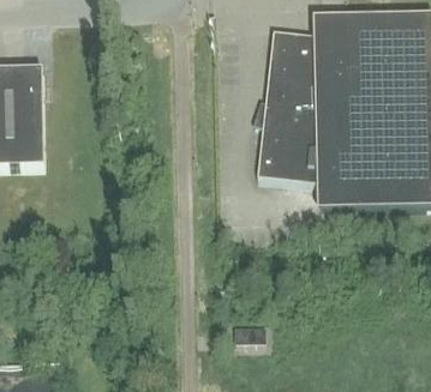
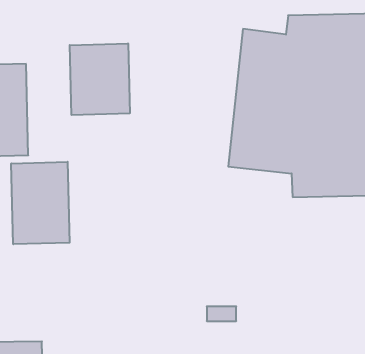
building: none -> [70,43,130,115]
building: none -> [11,162,70,244]

